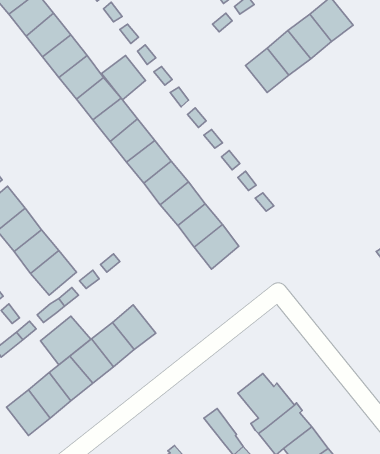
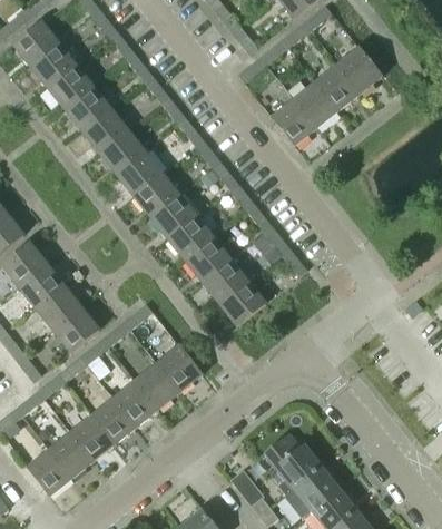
building: [102,55,146,100] -> none
building: none -> [156,344,200,391]
building: [40,316,91,365] -> none

